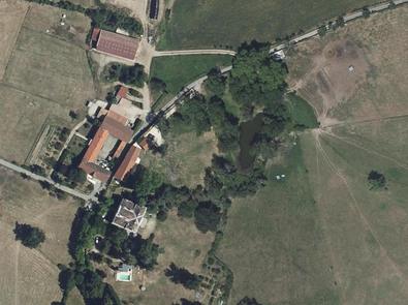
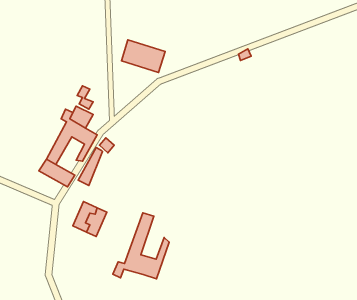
building: [98,31,140,63] -> [122,40,165,73]
building: none -> [113,213,169,279]

